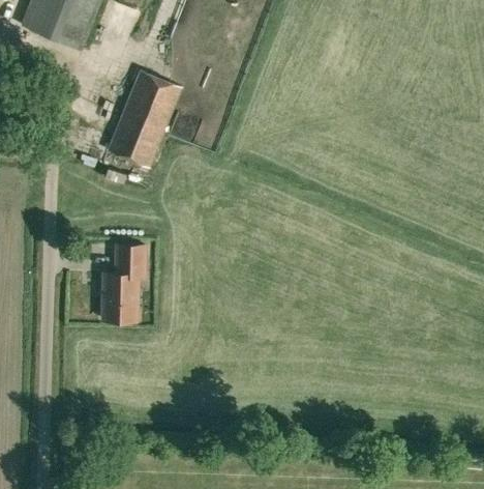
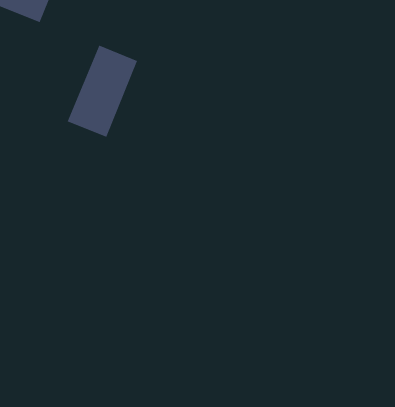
building: [101,243,145,319] -> none

